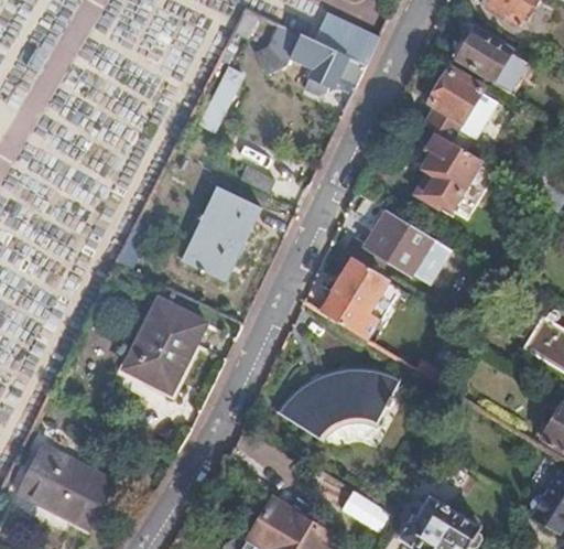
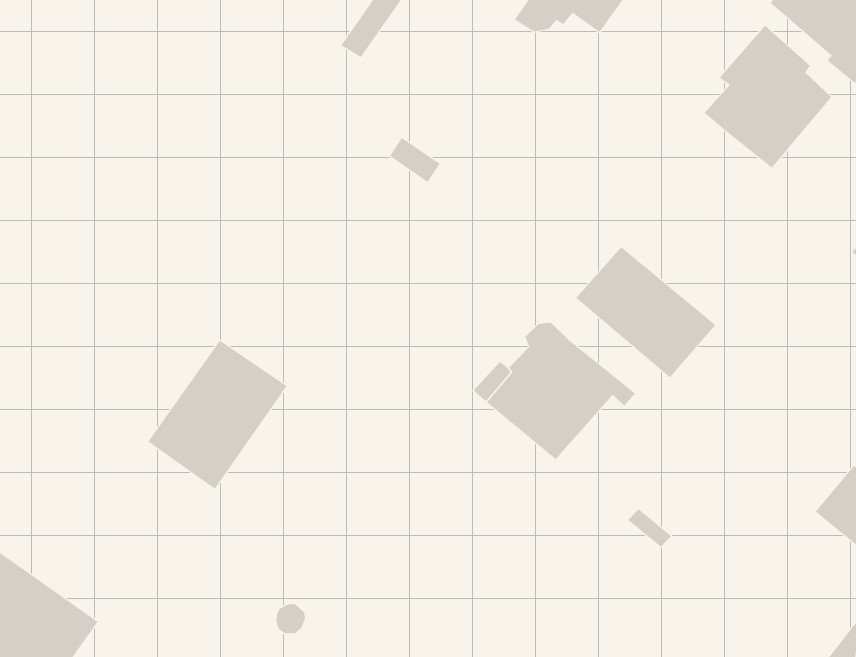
building: [415,133,482,211] -> none
building: [193,186,260,280] -> none
building: [272,369,402,441] -> none

